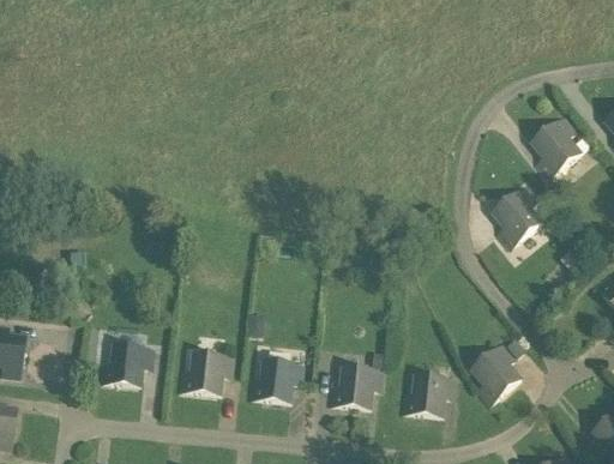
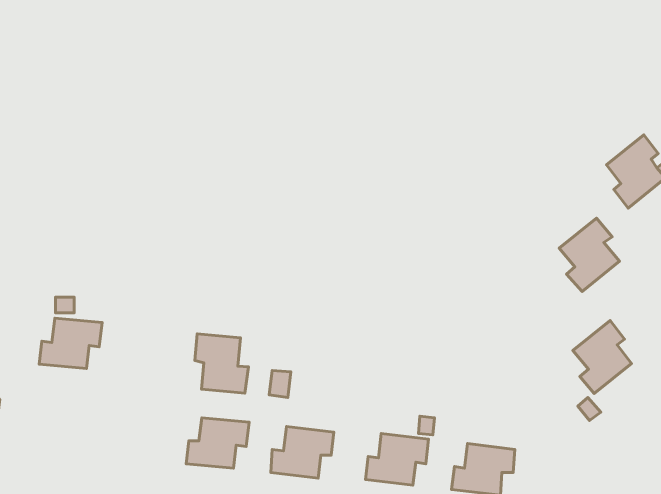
building: none -> [195,334,248,393]
building: [471,342,520,403] -> [573,320,632,394]
building: [101,343,154,385] -> [39,318,102,368]

